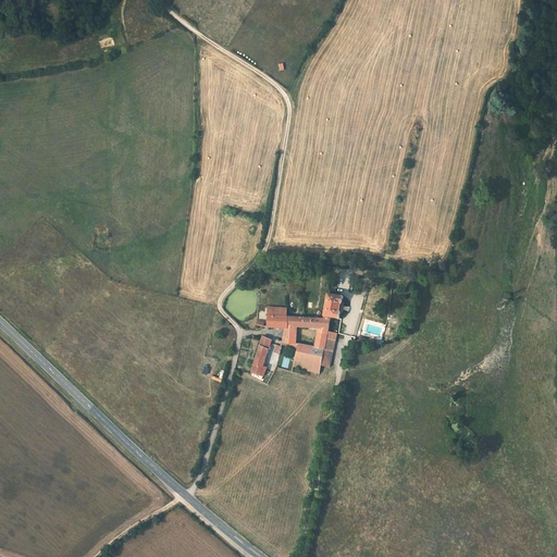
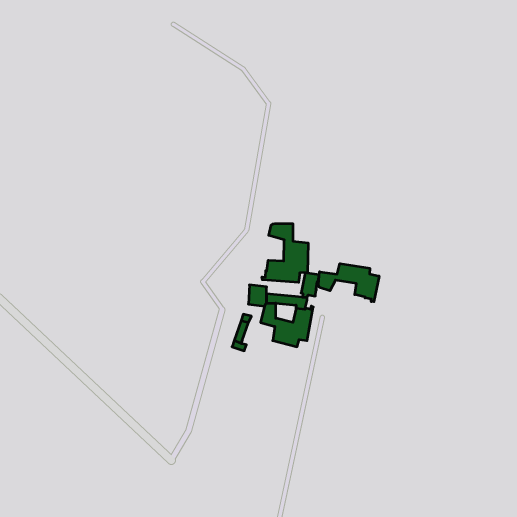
building: none -> [262,224,308,282]
building: none -> [318,264,379,302]

